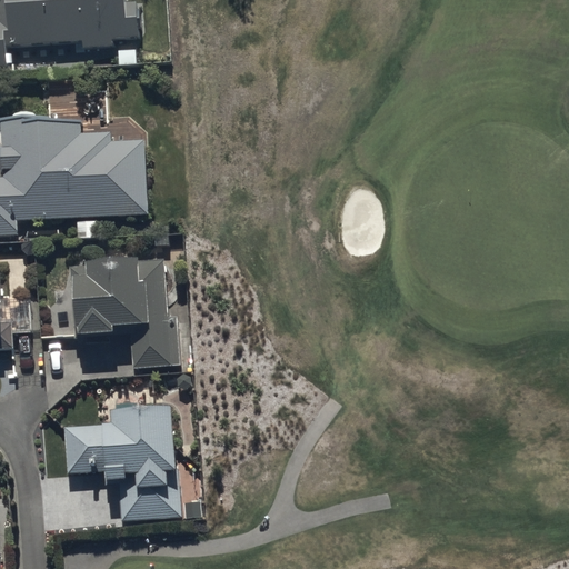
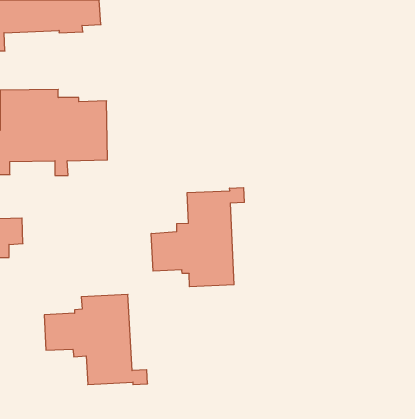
building: none -> [151,188,244,287]
building: [69,254,176,367] -> none

